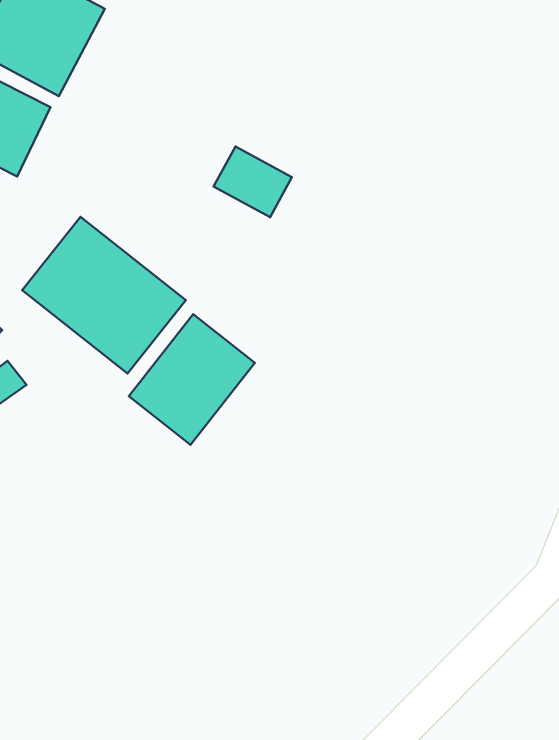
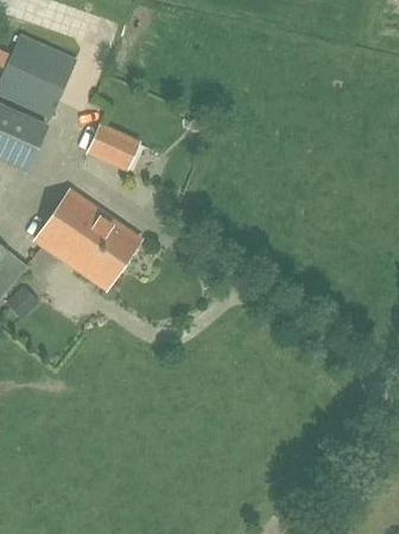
building: [214,147,292,217] -> [88,125,137,167]
building: [129,314,255,445] -> none

